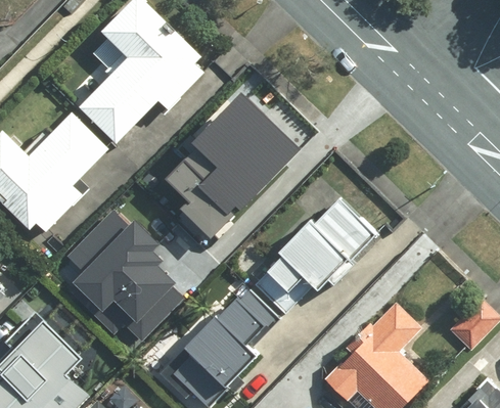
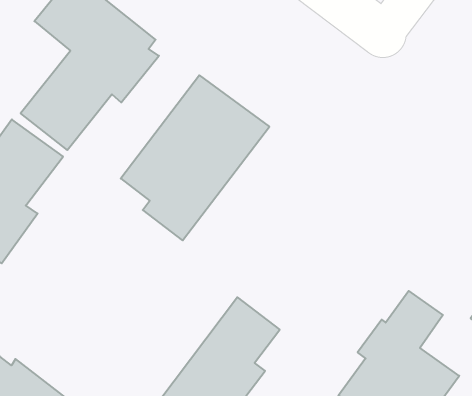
building: [244,197,376,321] -> none
building: [63,211,174,337] -> none

